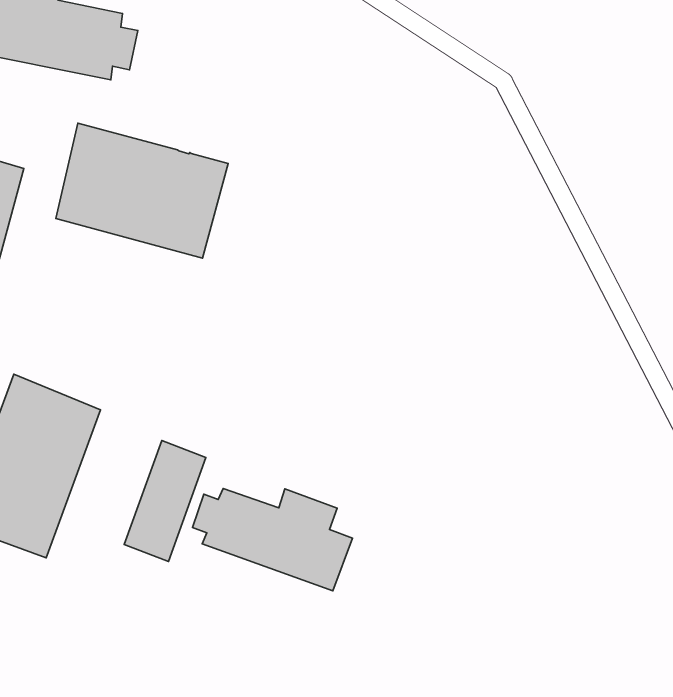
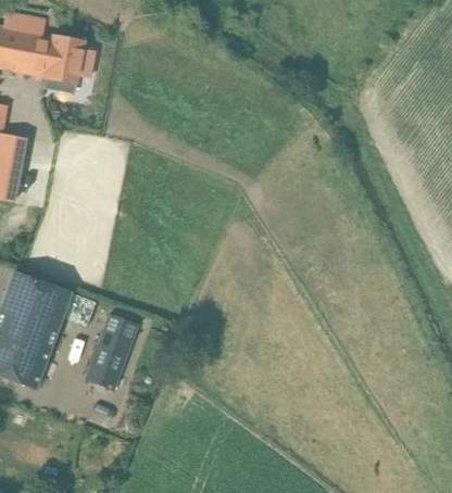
building: [56,123,228,258] -> none
building: [192,488,353,591] -> none

